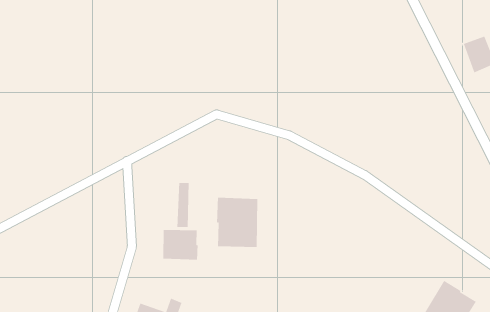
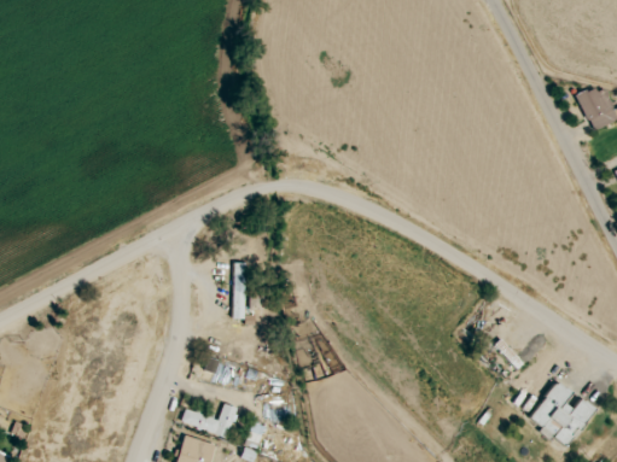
building: [216,197,258,248] -> none
building: [162,229,199,260] -> none

